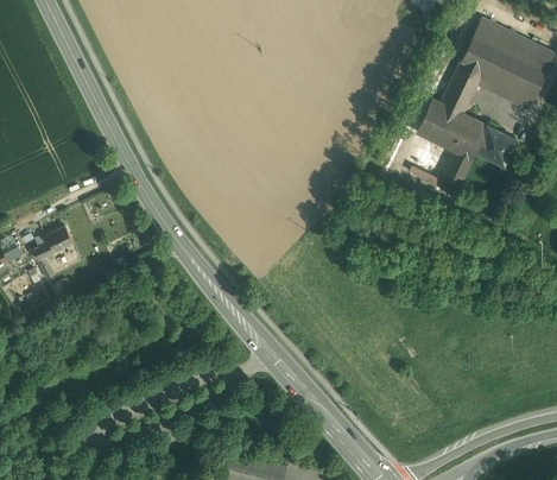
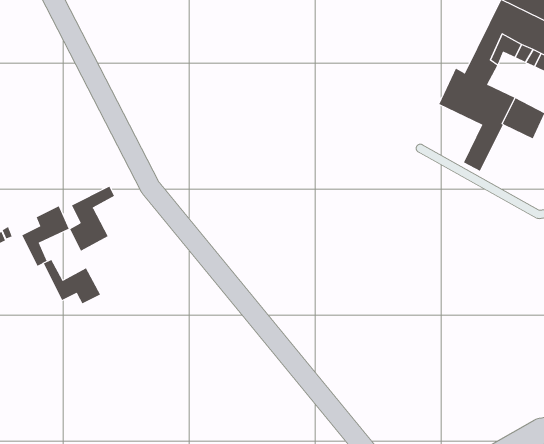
building: none -> [70,186,115,251]
building: none -> [43,259,101,304]

